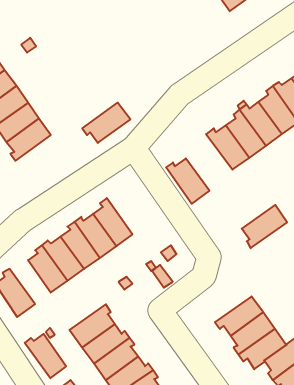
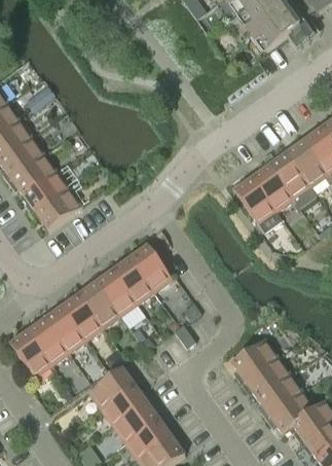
building: [82,103,130,143] -> [32,187,82,229]
building: [166,158,209,204] -> [127,244,173,291]
building: [242,205,287,248] -> [231,337,279,383]
building: [25,334,66,378] -> [26,318,69,364]

